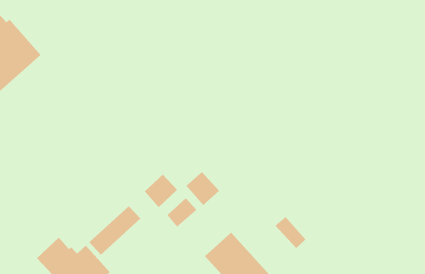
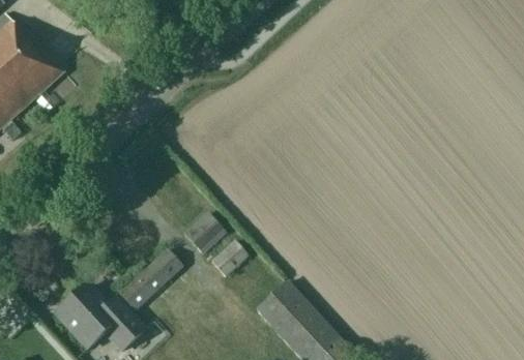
building: [185,171,220,206] -> none
building: [275,216,306,249] -> none

